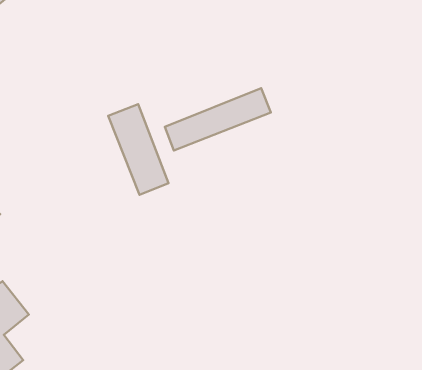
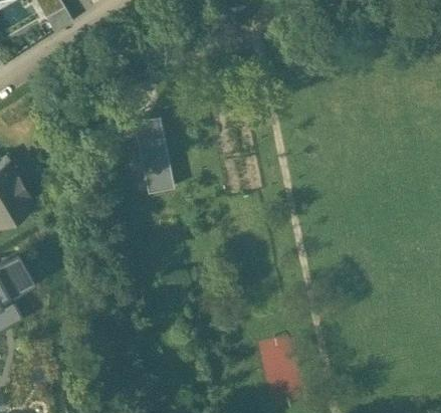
building: [165,88,271,150] -> none

